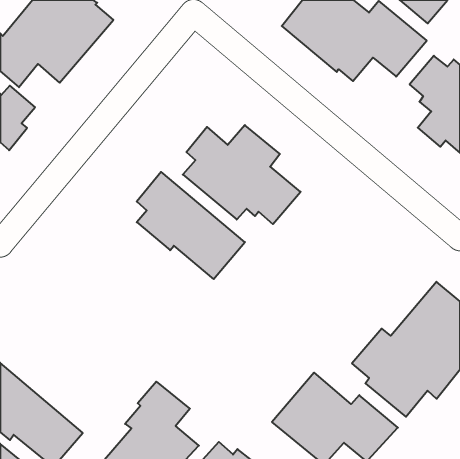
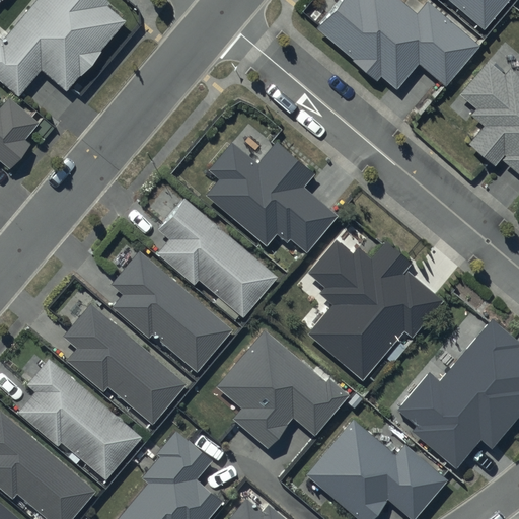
building: none -> [308,241,442,380]
building: none -> [110,251,234,374]
building: none -> [61,301,183,423]
building: none -> [216,331,351,452]
building: none -> [15,357,140,478]

